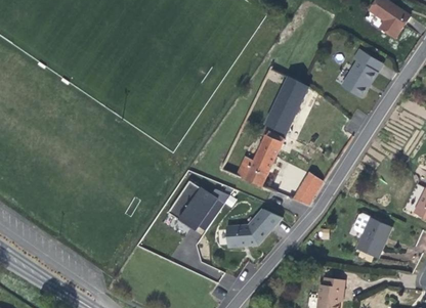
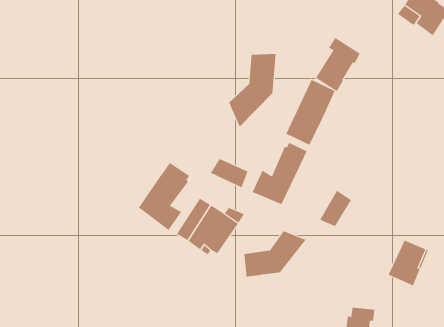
building: [342,49,382,97] -> [315,37,361,92]
building: none -> [229,53,276,127]
building: none -> [210,158,248,188]
building: none -> [138,162,190,231]

